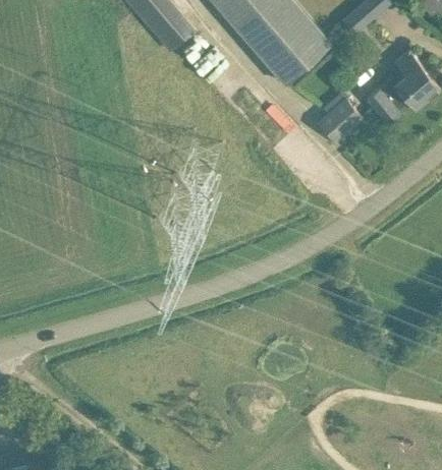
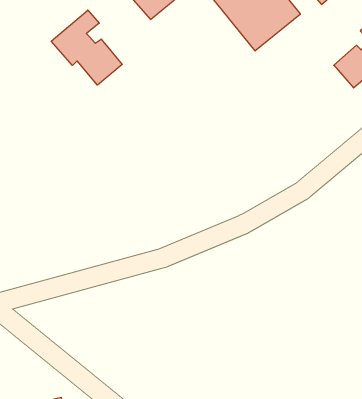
building: none -> [51,10,122,85]
building: [318,99,362,141] -> none

